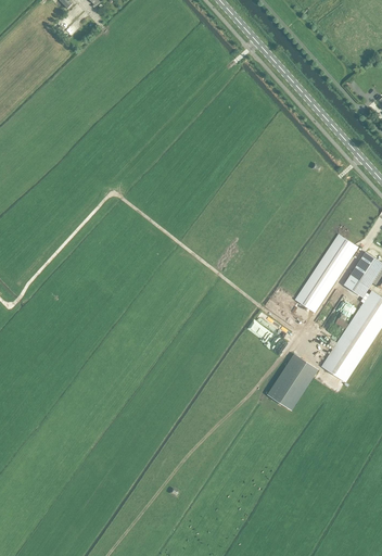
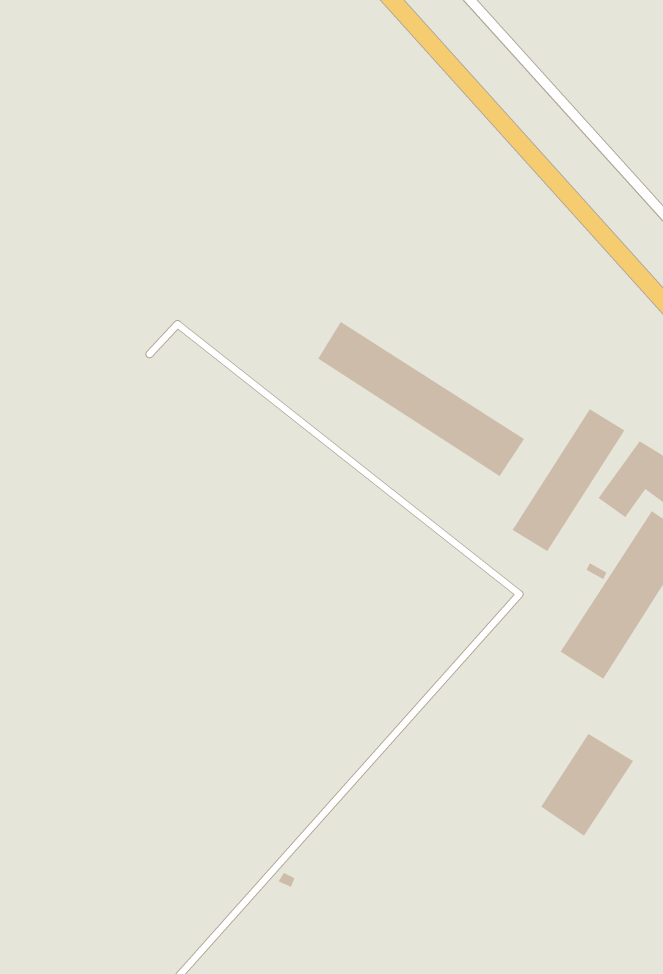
building: none -> [317,321,525,477]
building: [267,353,318,409] -> [540,733,634,837]

